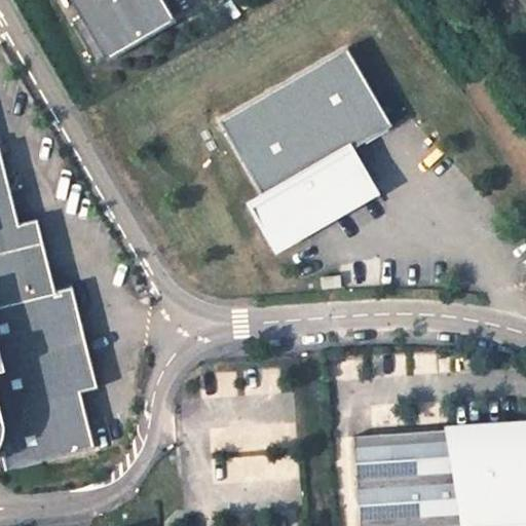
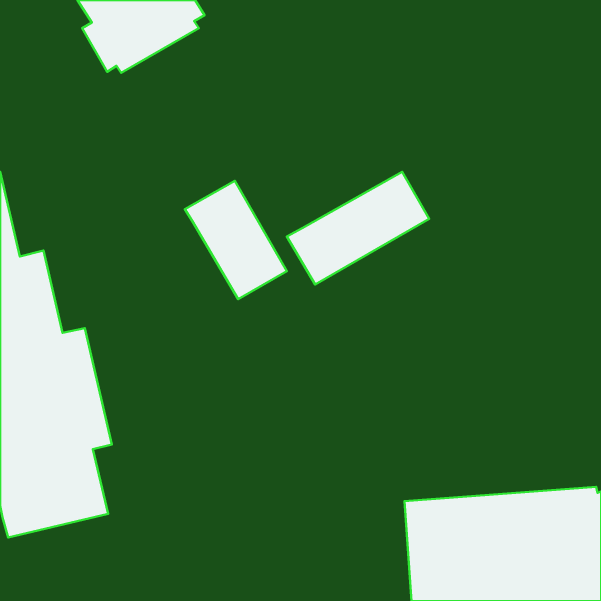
building: [219,48,391,199] -> none
building: none -> [185,181,287,299]

